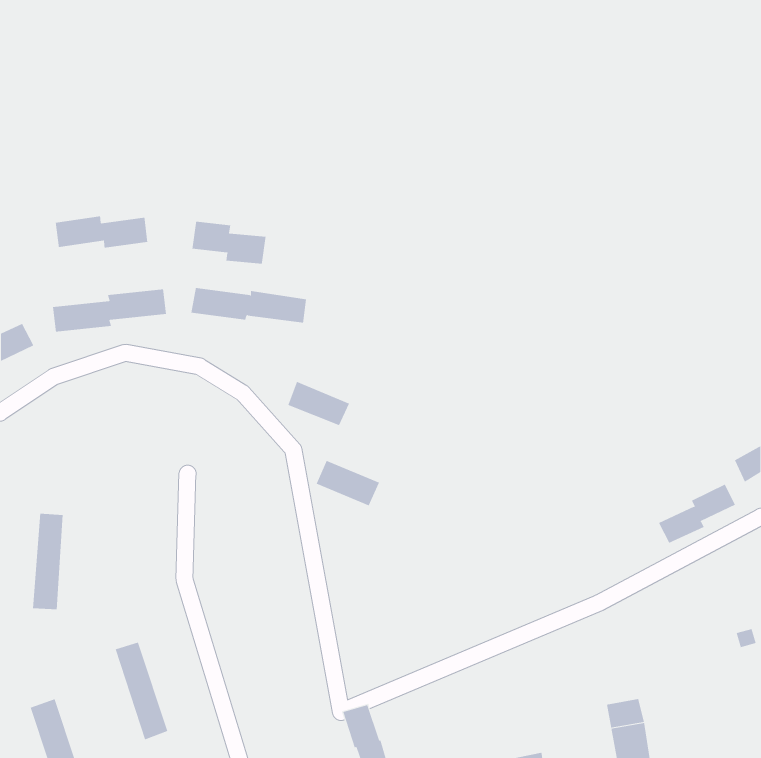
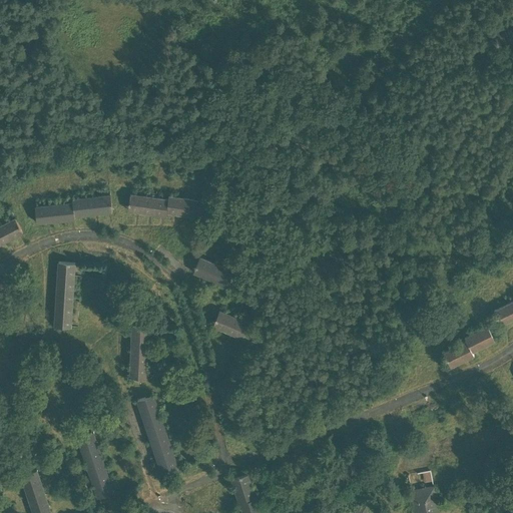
building: [55,215,148,248] -> none
building: [192,221,266,265] -> none
building: none -> [130,328,149,380]
building: [32,513,63,610] -> [54,264,75,329]
building: none -> [137,397,177,474]

